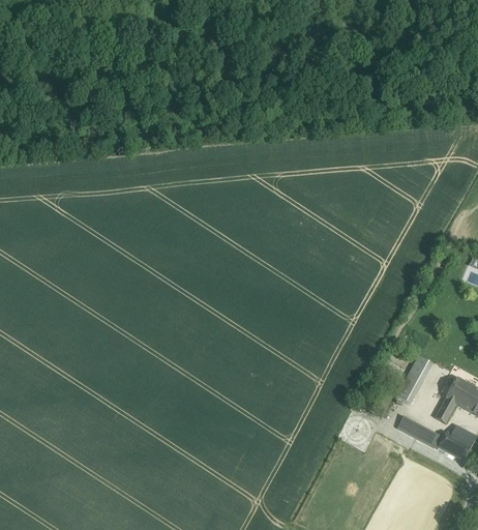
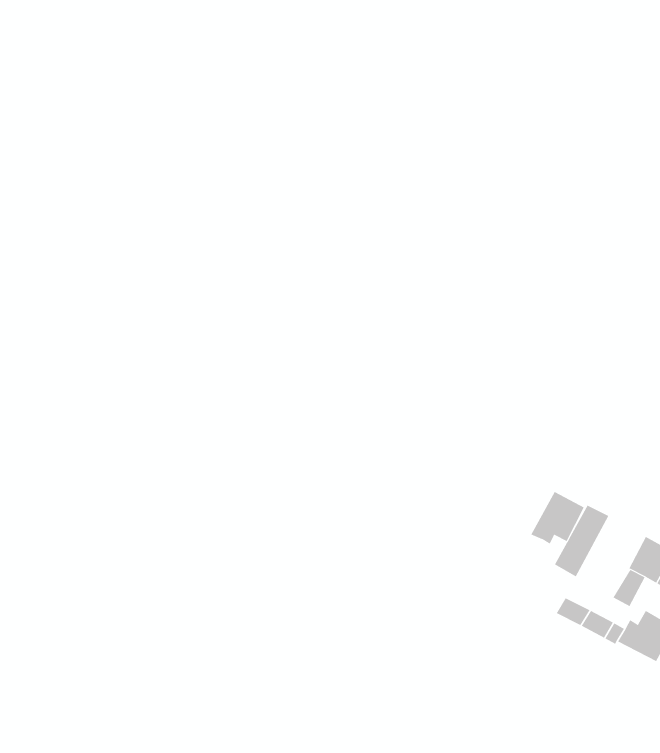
building: none -> [530,491,585,545]

